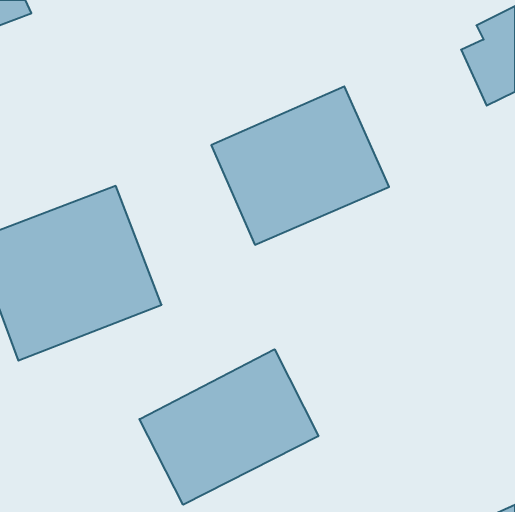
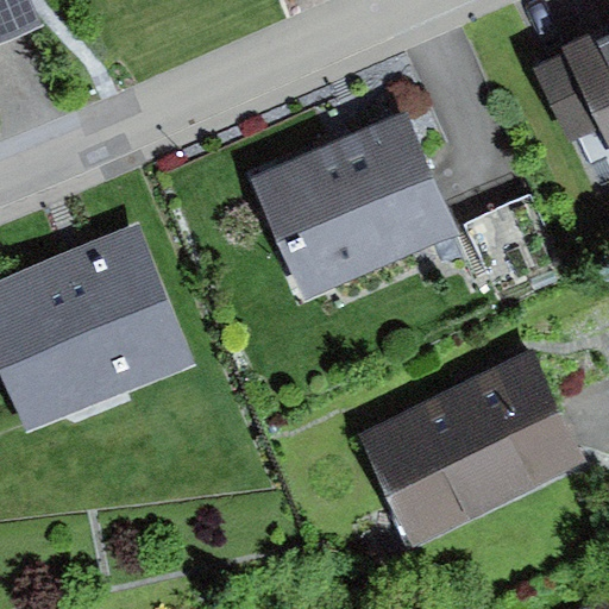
building: none -> [376,358,589,548]
building: [139,349,318,505] -> none

